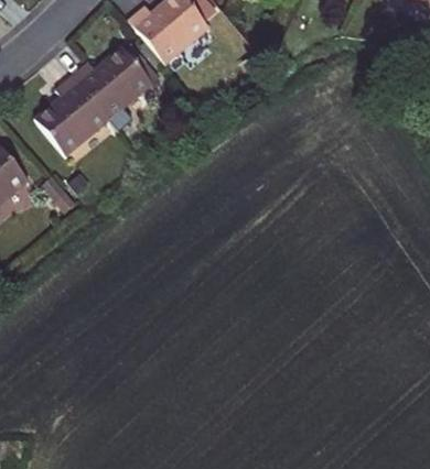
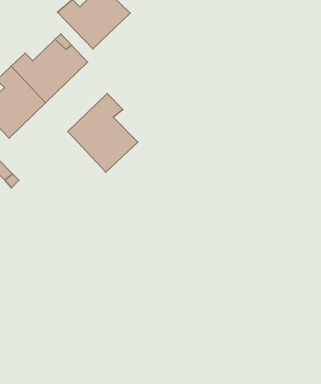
building: none -> [68,94,138,172]

